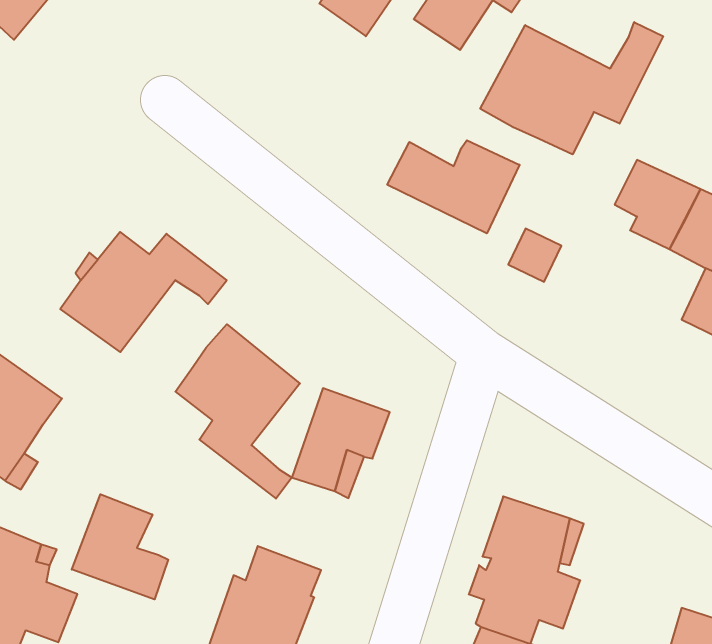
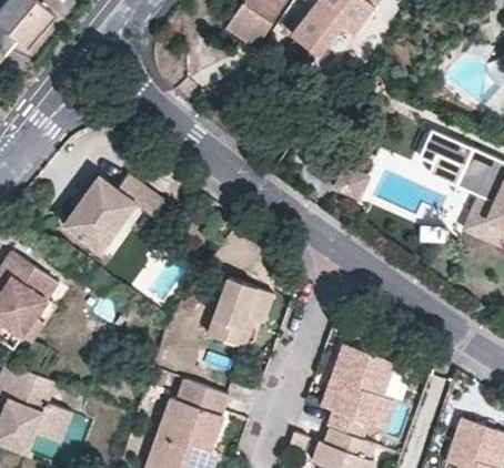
building: [480,22,663,154] -> none
building: [387,140,520,233] -> none
building: [175,324,300,499] -> none
building: [72,494,168,599] -> none

